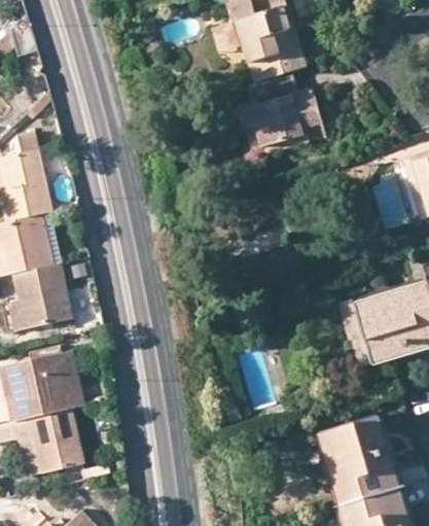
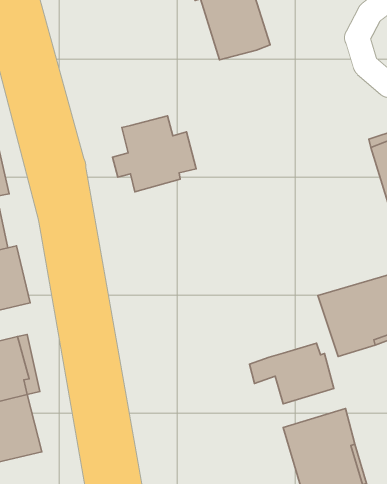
building: [240,71,321,145] -> [112,116,196,192]
building: none -> [249,343,334,404]

